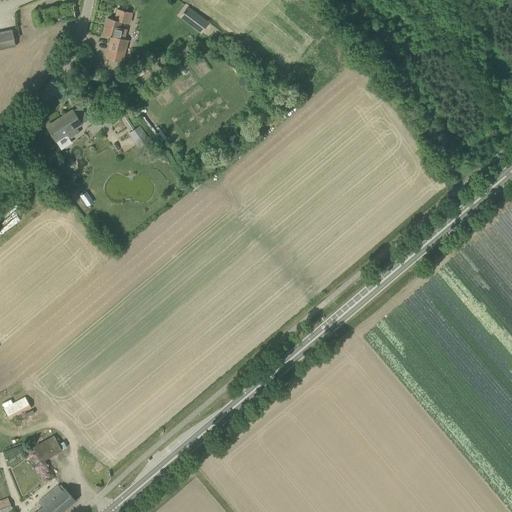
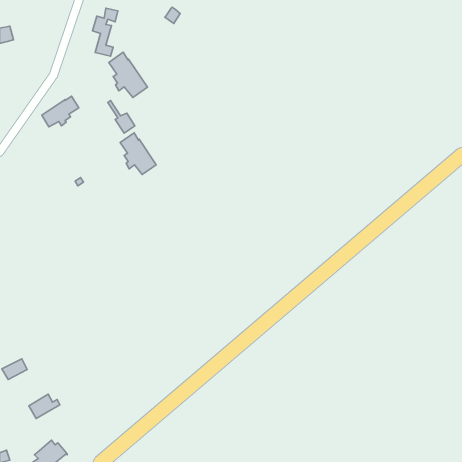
building: none -> [109,52,147,98]
building: none -> [120,133,156,175]

